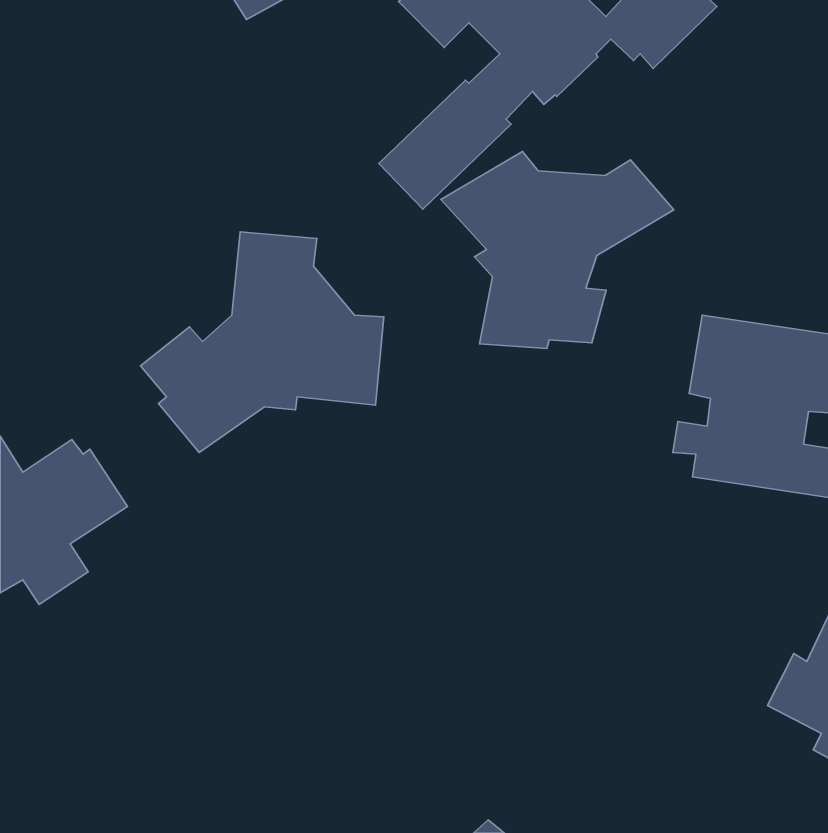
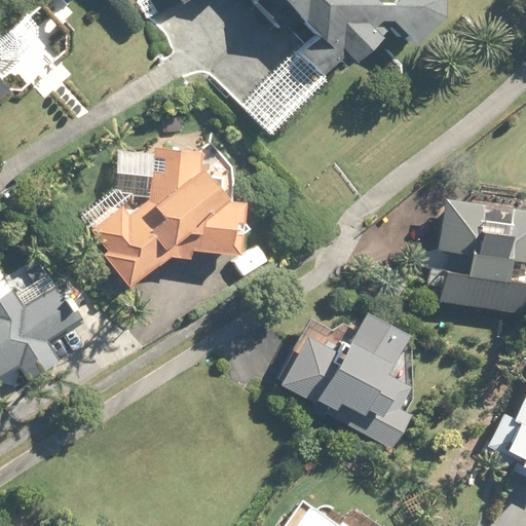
building: [441,151,674,349] -> none
building: none -> [280,312,414,447]

